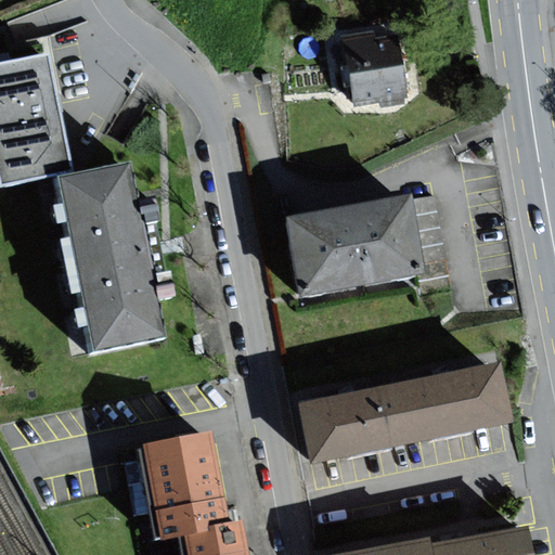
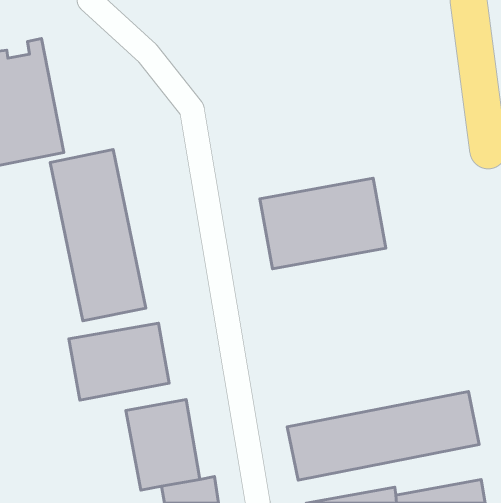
building: [346,29,406,106] -> none
building: none -> [69,323,169,400]
building: [302,363,514,461] -> [287,391,479,480]

